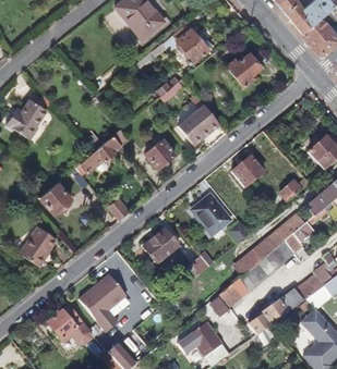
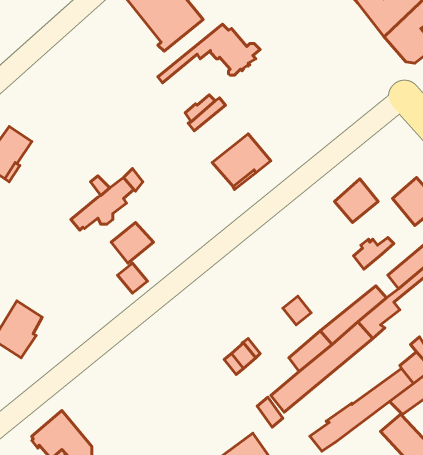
building: [227,52,261,86] -> none
building: [145,138,176,168] -> [111,222,153,263]
building: [232,155,264,186] -> [334,179,378,222]
building: [39,181,71,212] -> none
building: [192,195,230,233] -> none
building: [143,229,179,262] -> none
building: [79,273,127,331] -> none

